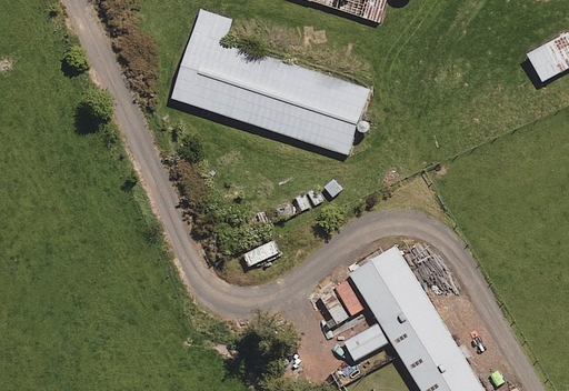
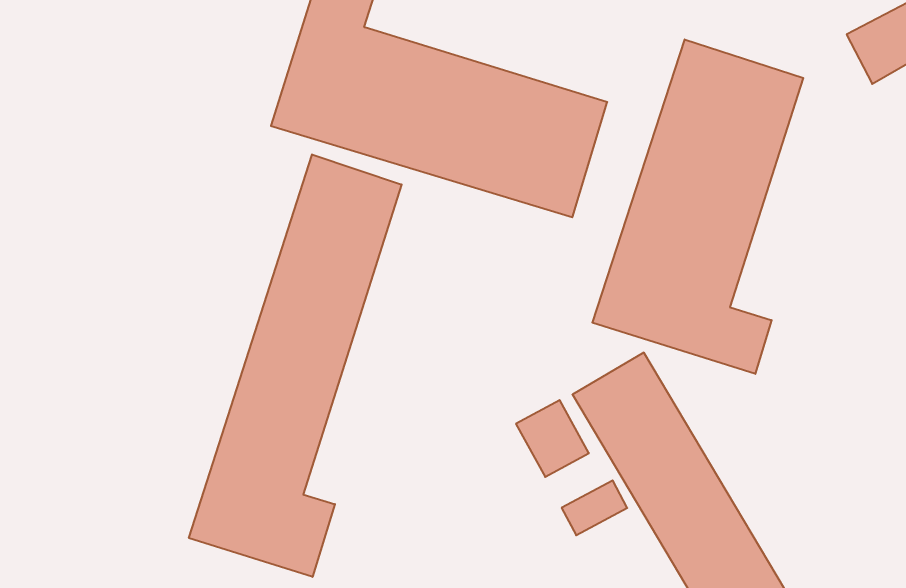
building: none -> [592,39,803,374]
building: none -> [189,154,402,577]

